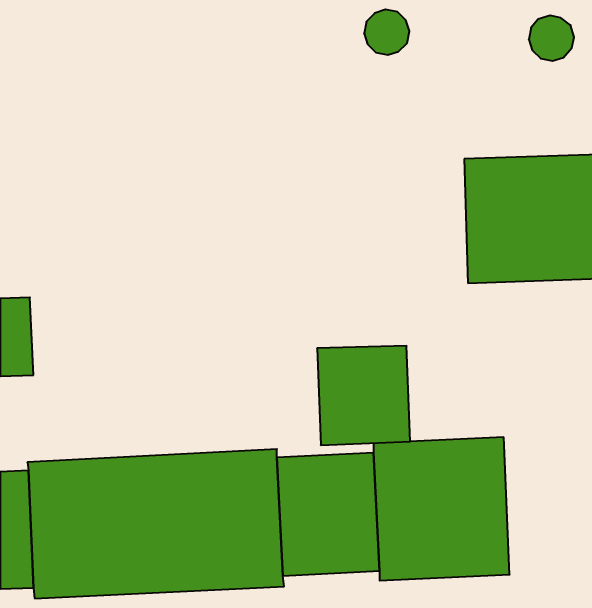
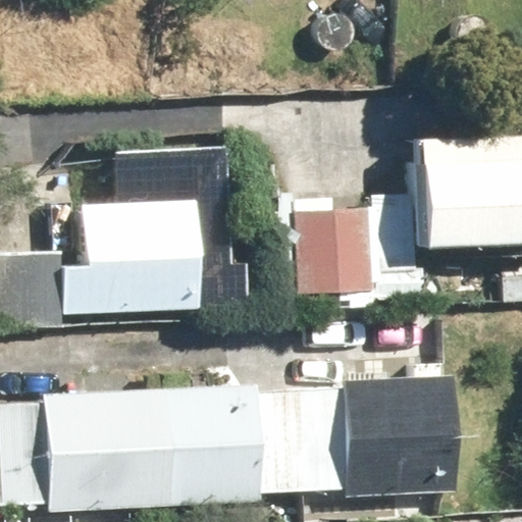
building: none -> [58,200,196,314]
building: [317,346,410,445] -> [300,208,379,293]

